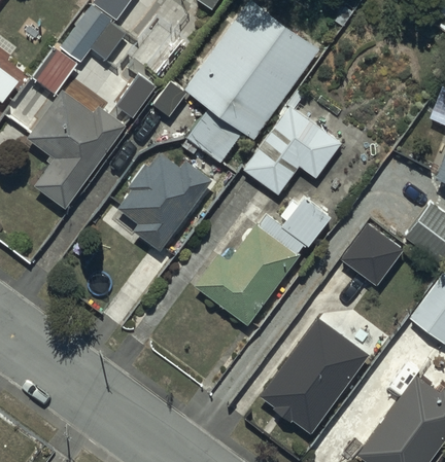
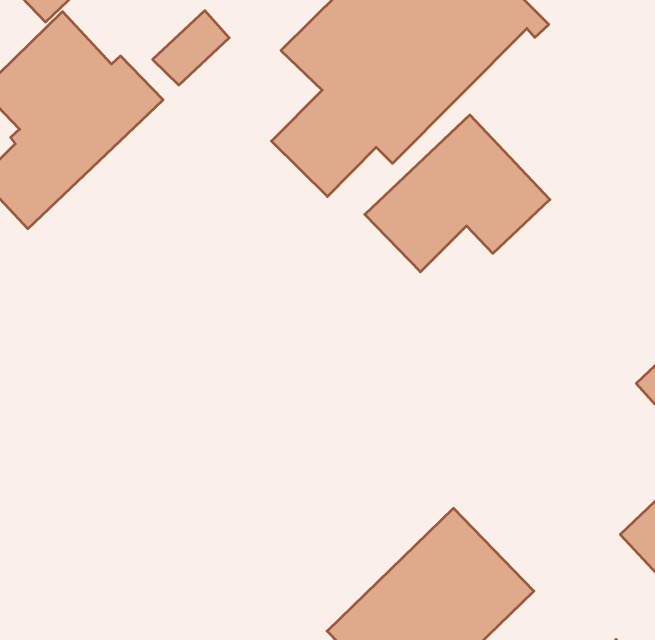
building: [118,153,212,251] -> none
building: [196,197,331,325] -> none
building: [342,223,404,286] -> none

